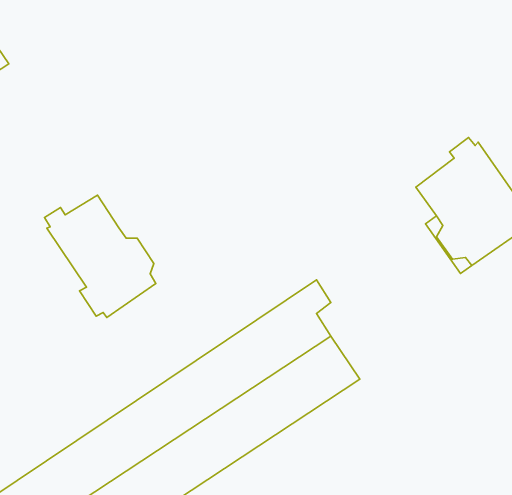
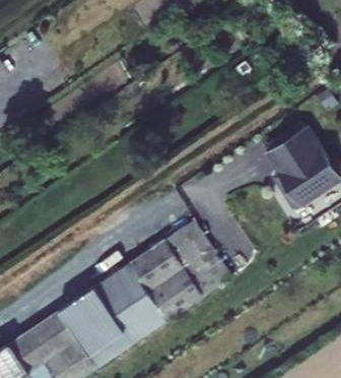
building: [44,195,156,318] -> none

